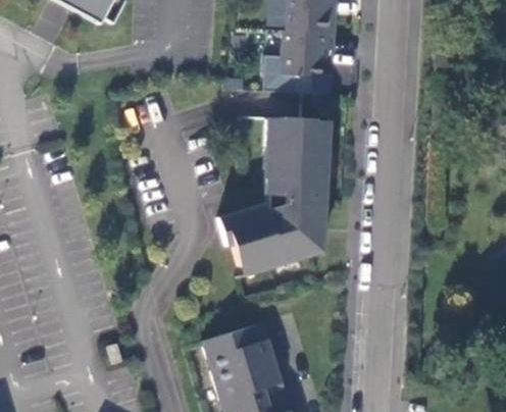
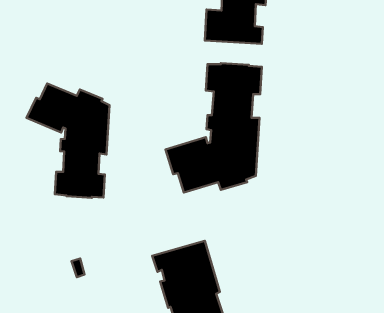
building: none -> [26,83,110,198]

